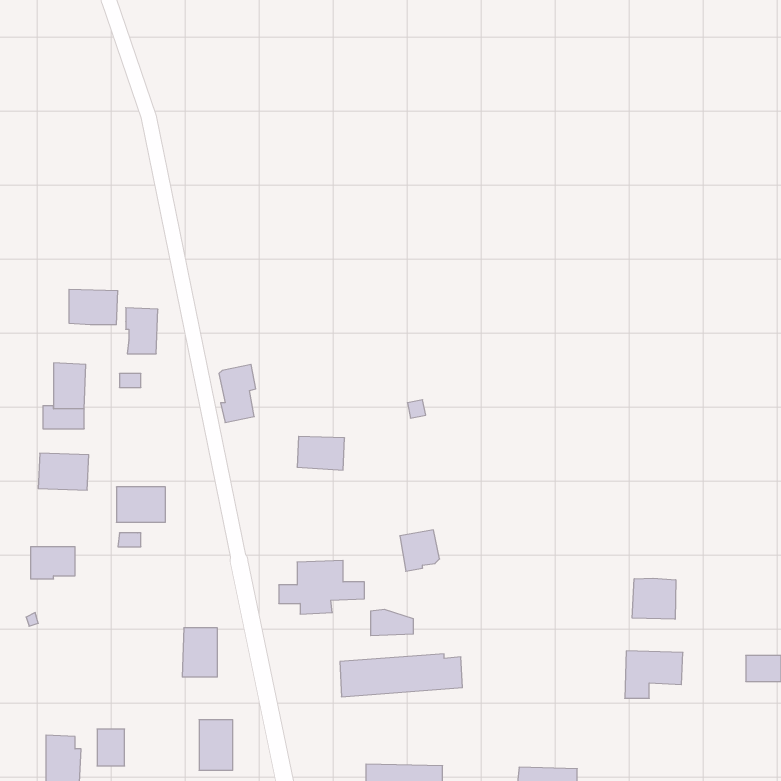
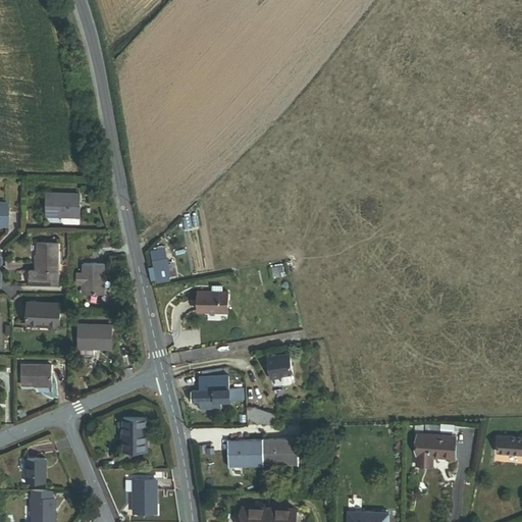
building: [126,308,158,354] -> [82,264,103,295]
building: [632,578,676,619] -> none
building: [97,729,125,766] -> [25,459,44,483]

